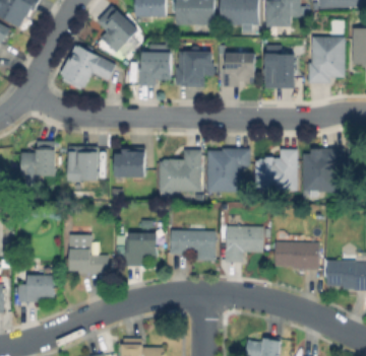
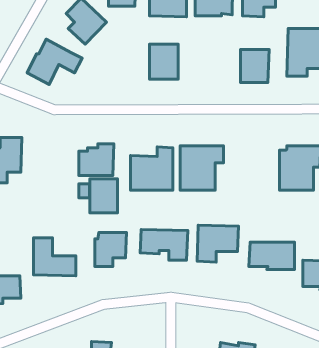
building: [141,45,170,83] -> none
building: [226,55,253,85] -> none
building: [70,147,97,180] -> [90,179,117,213]
building: [257,149,298,189] -> none

